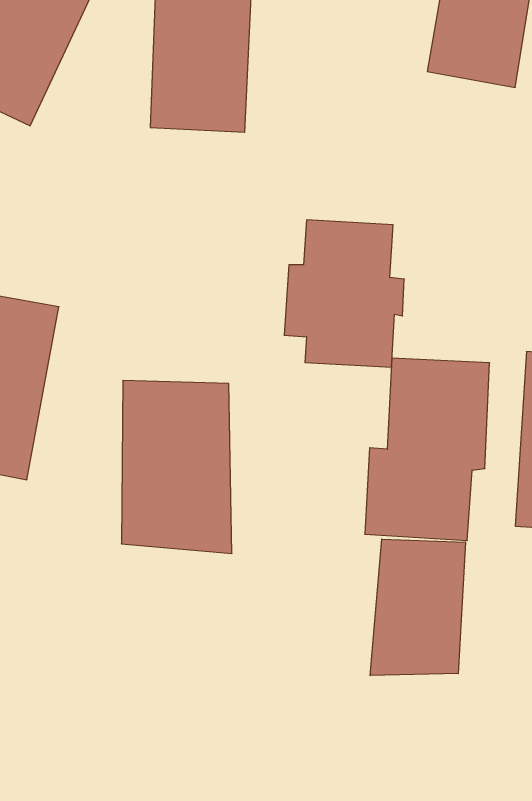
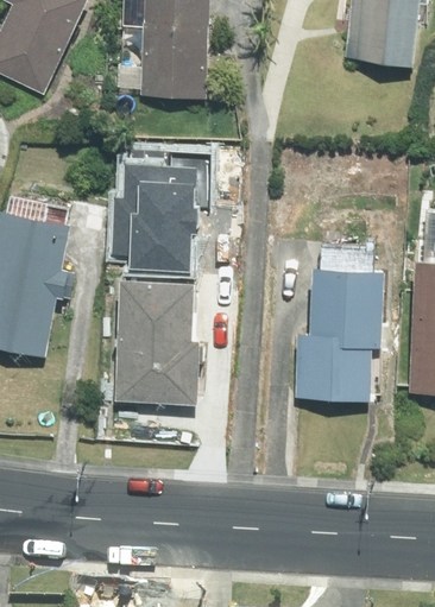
building: [284,220,404,367] -> [113,163,202,272]
building: [370,539,466,676] -> none

